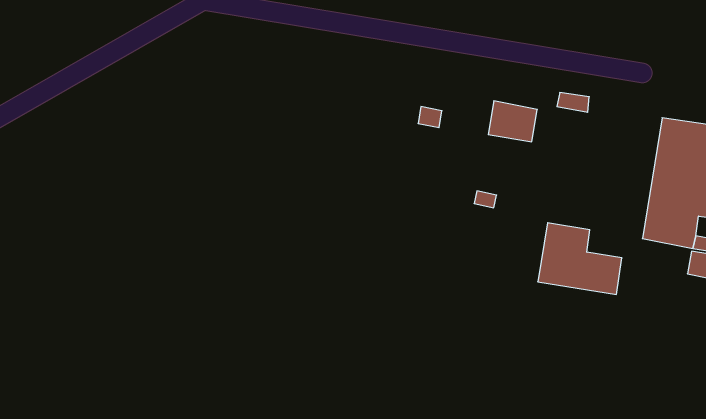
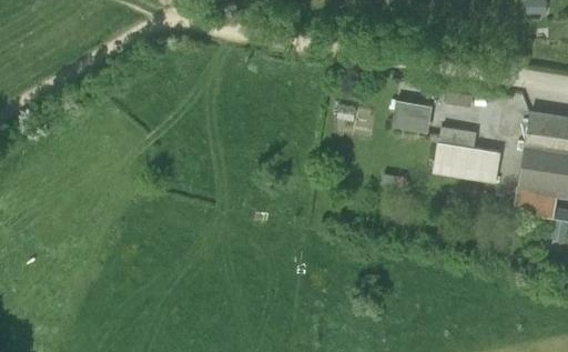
building: [538,223,622,294] -> [435,124,501,181]

